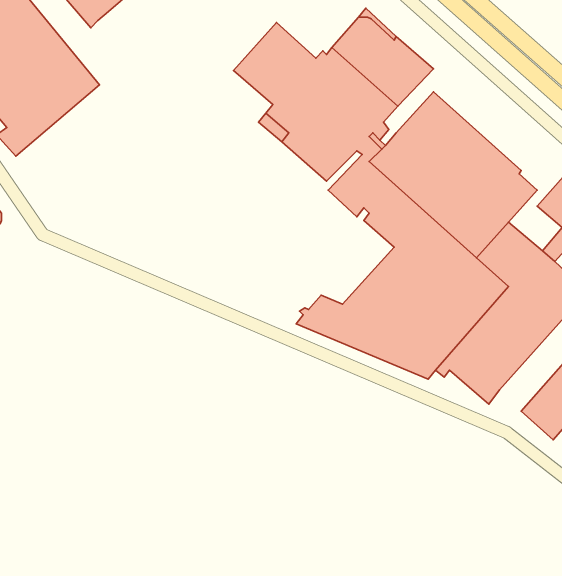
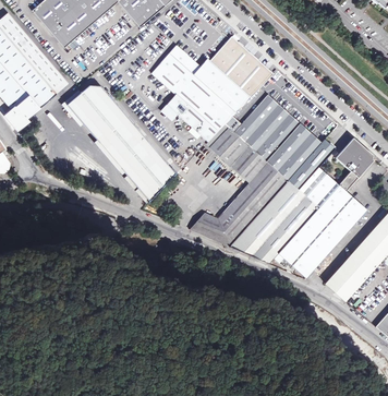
building: none -> [65,85,174,202]

